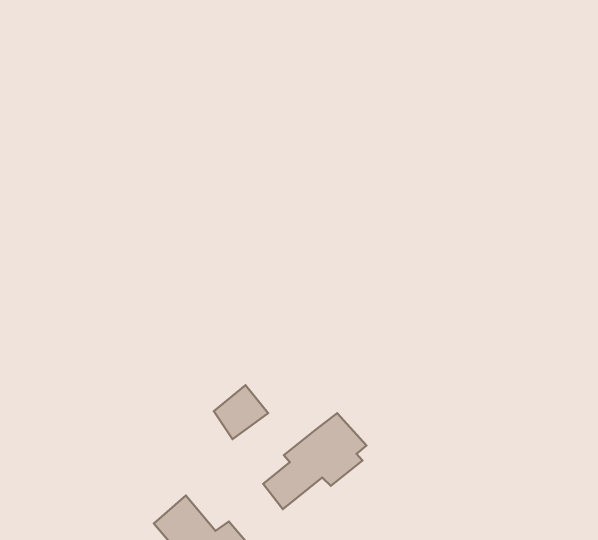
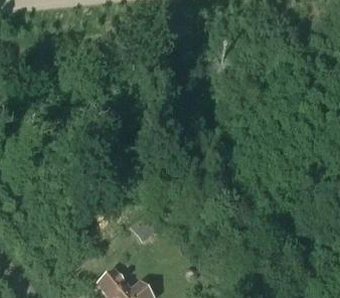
building: [263,413,366,509] -> none

